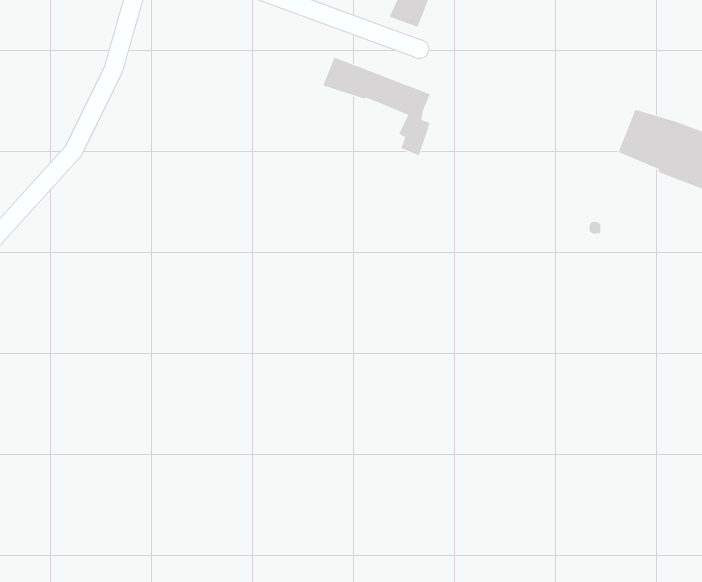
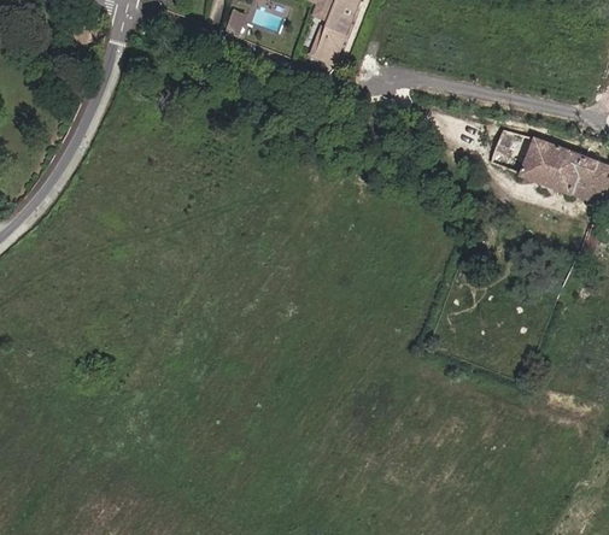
building: [322,57,430,156] -> none

